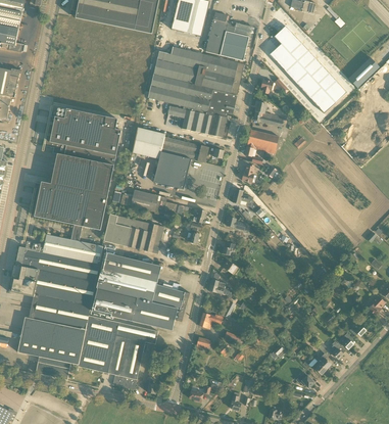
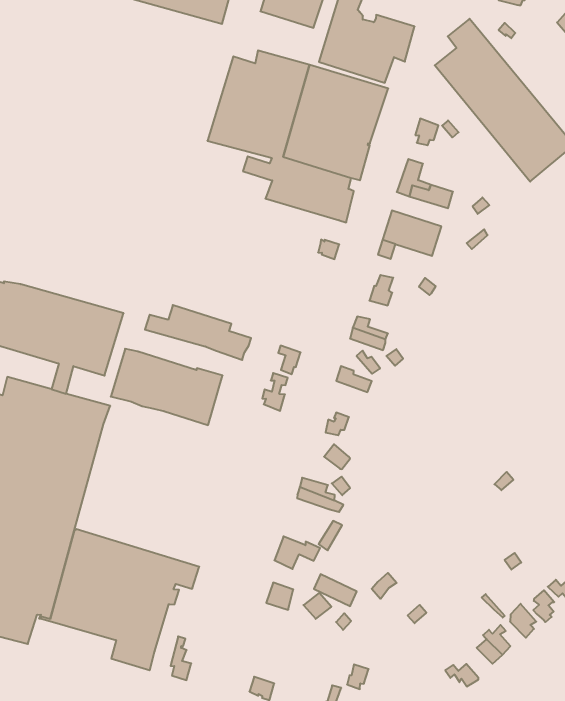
building: [43,108,120,195] -> none
building: [132,127,208,189] -> none
building: [91,252,189,330] -> none

